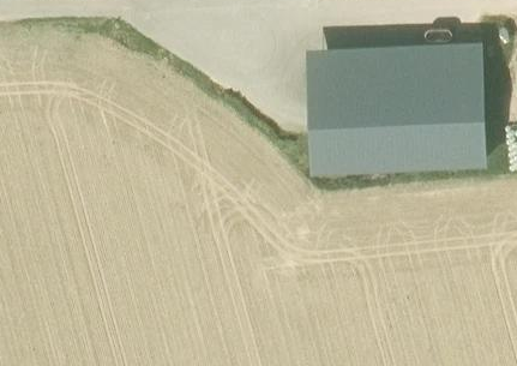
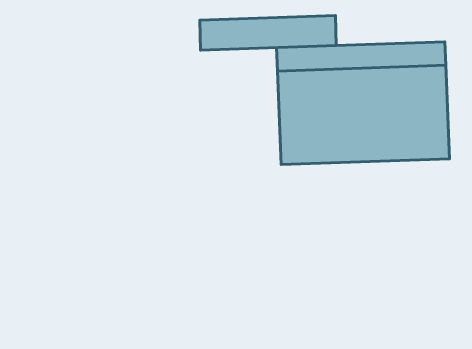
building: none -> [200,15,336,50]

